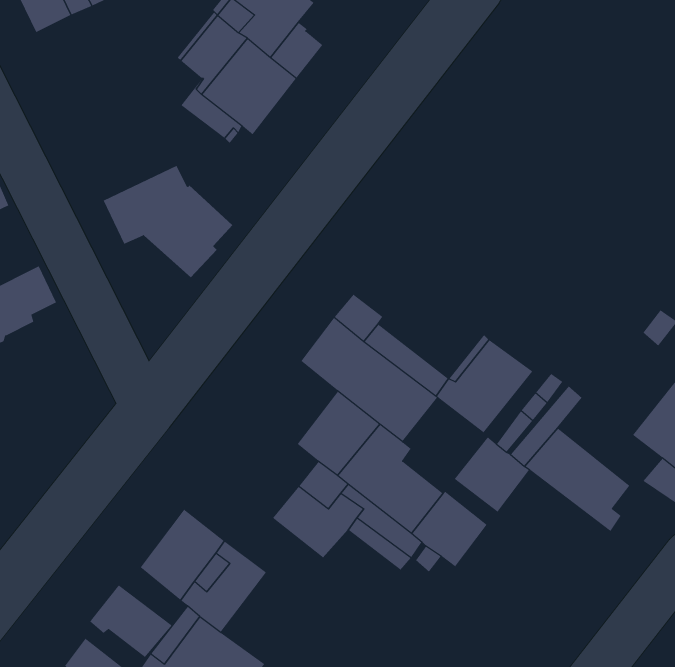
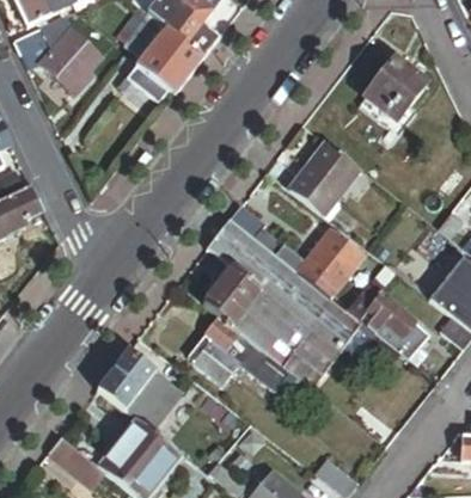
building: none -> [365,57,428,122]
building: [103,165,233,278] -> [14,16,103,92]
building: none -> [293,146,362,217]
building: none -> [276,273,334,328]
building: [90,584,173,658] -> none

